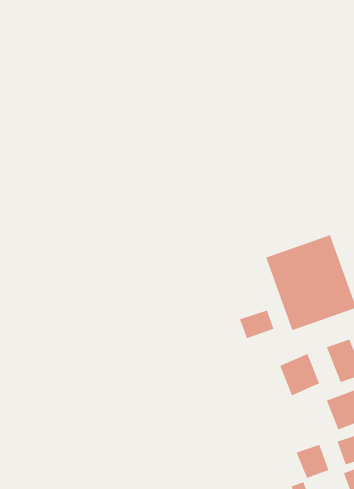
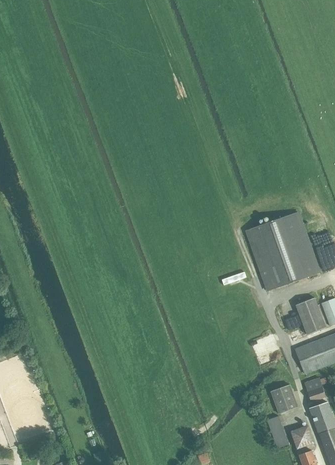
building: [239,310,274,339] -> none
building: [279,353,320,396] -> none

